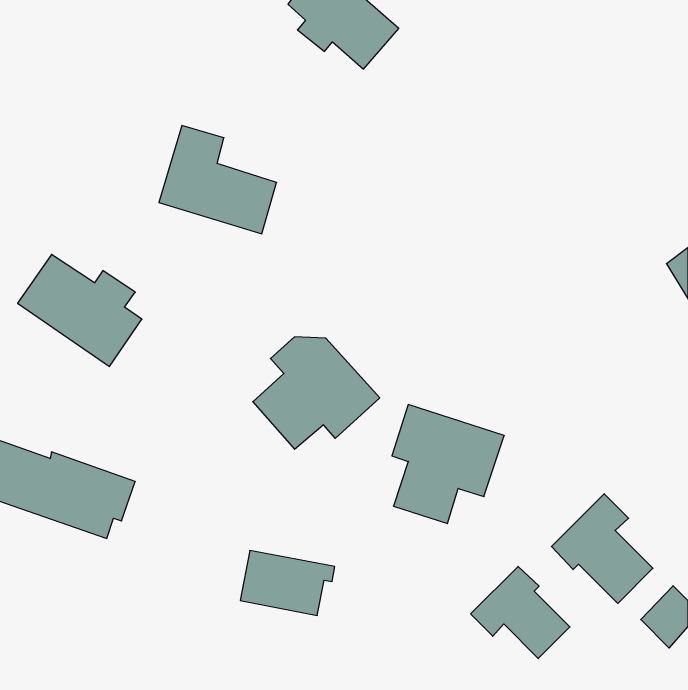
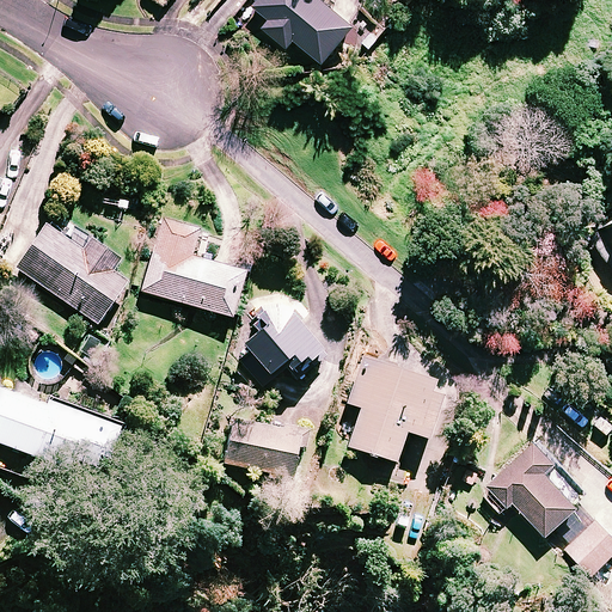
building: [159,126,277,234] -> [140,222,244,318]
building: [240,550,335,615] -> [224,420,307,477]
building: [471,566,570,659] -> none

